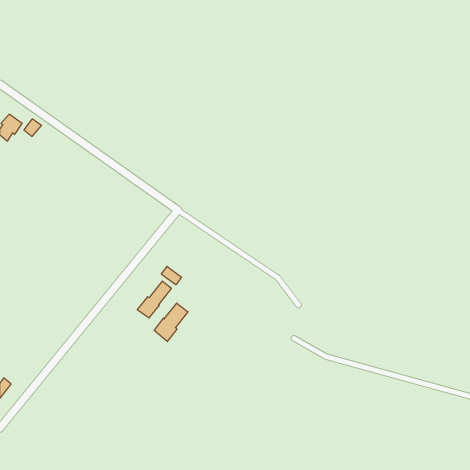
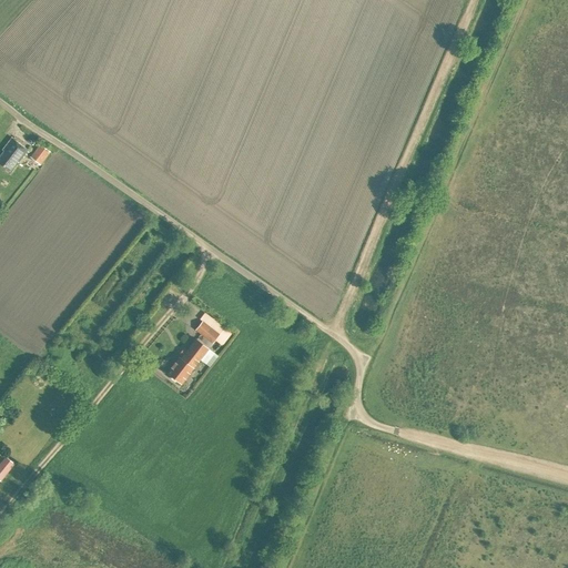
building: [154,303,188,342] -> none

